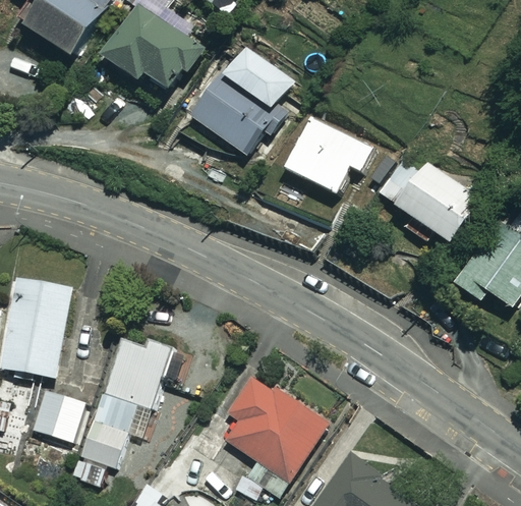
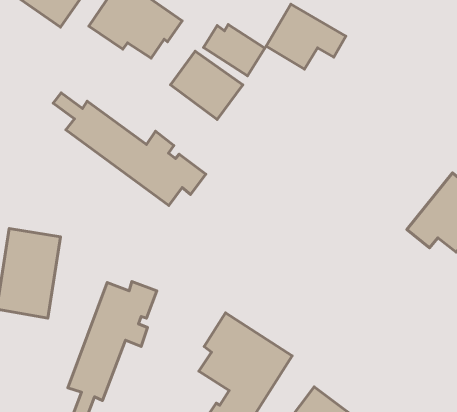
building: [288,115,377,187] -> [266,4,346,69]
building: none -> [53,93,206,206]
building: [380,151,479,242] -> none
building: [30,388,89,446] -> none

